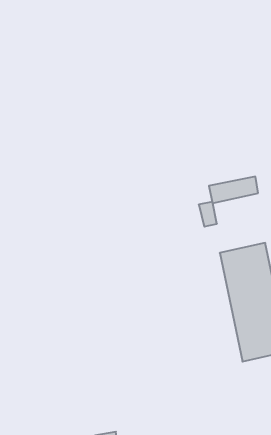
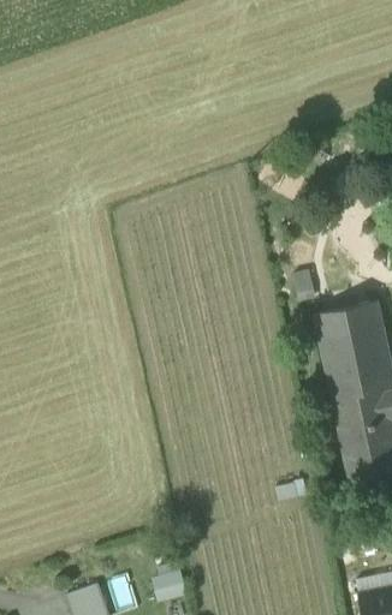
building: [209,177,258,203] -> [316,301,381,336]

